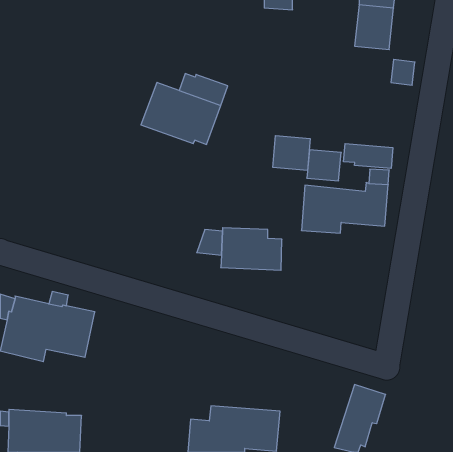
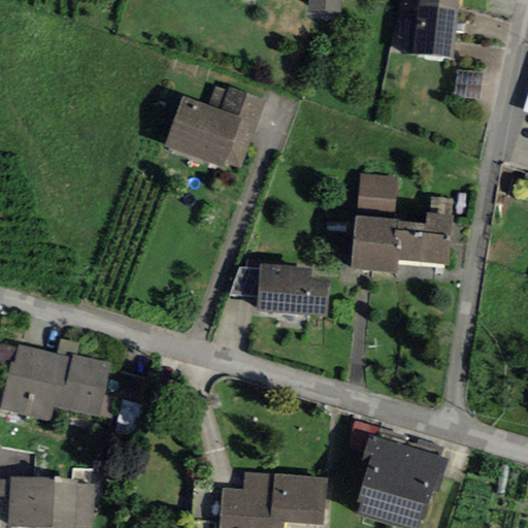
building: [273,136,310,170] -> none
building: [344,144,393,168] -> none
building: none -> [360,436,412,521]

